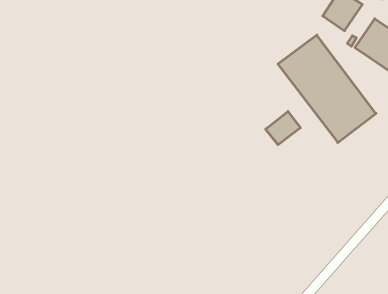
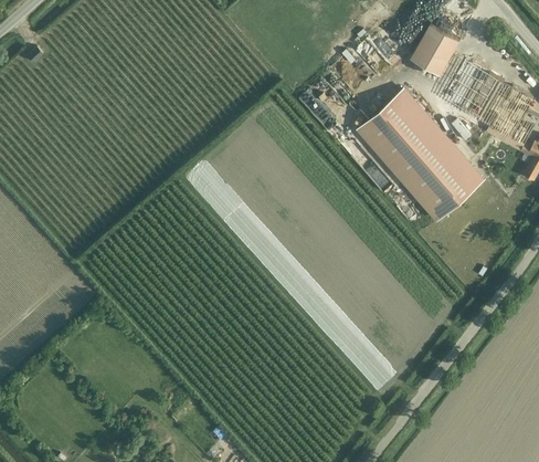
building: [266,111,300,145] -> none

